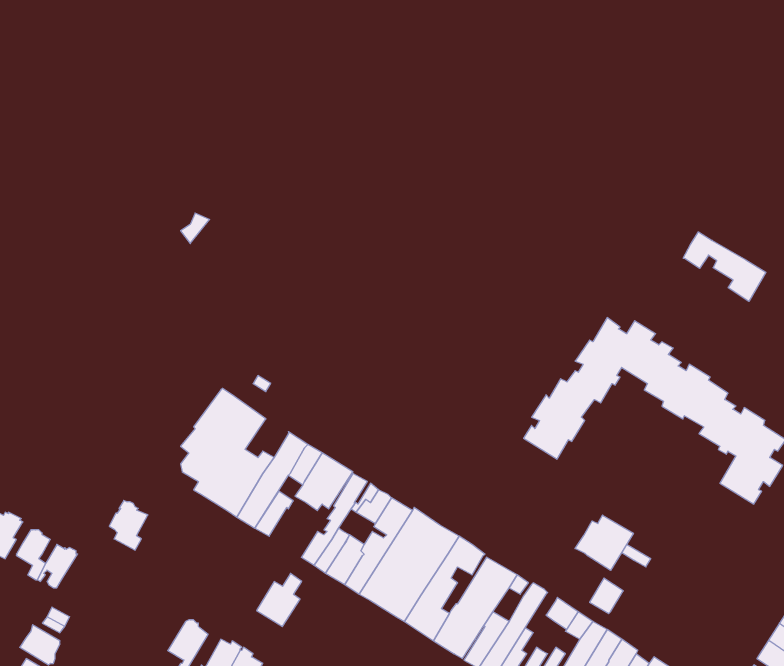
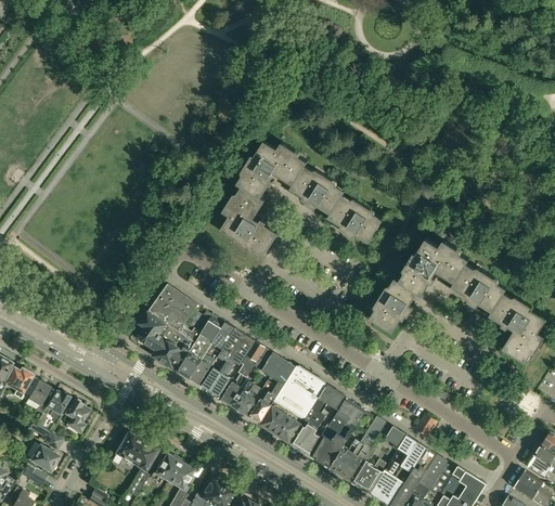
building: none -> [221,142,383,258]
building: [683,232,766,301] -> none
building: [109,500,148,550] -> [63,399,89,432]
building: [575,515,633,570] -> none
building: [257,573,302,627] -> [201,362,231,398]
building: none -> [112,432,142,466]

